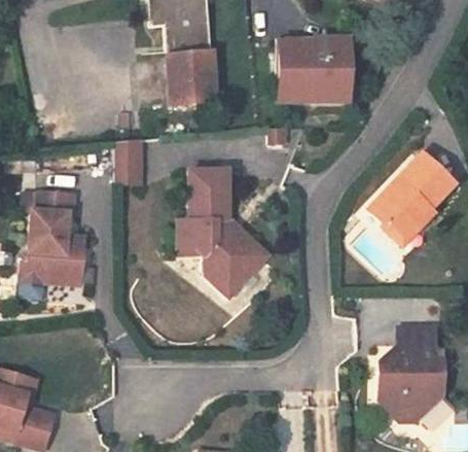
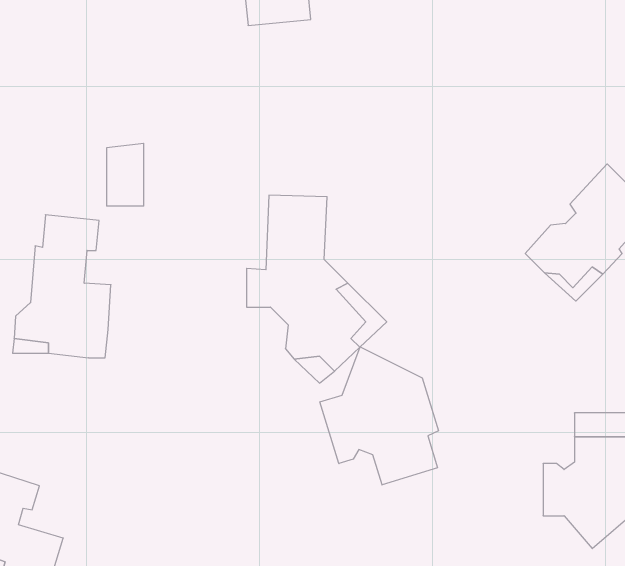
building: [280,42,345,101] -> none
building: [176,51,224,104] -> none
building: [112,140,138,183] -> [107,143,144,206]
building: none -> [320,347,438,485]

